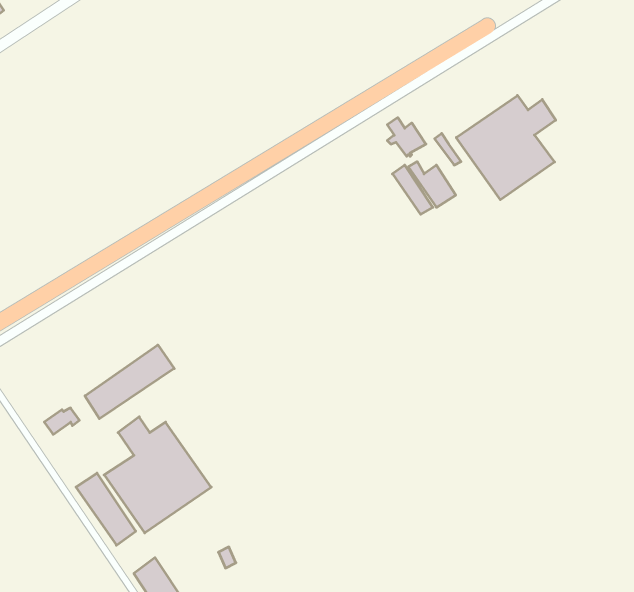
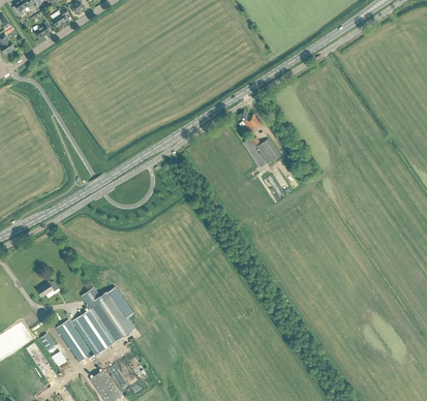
building: [456,95,556,200] -> none
building: [85,345,174,419] -> none

